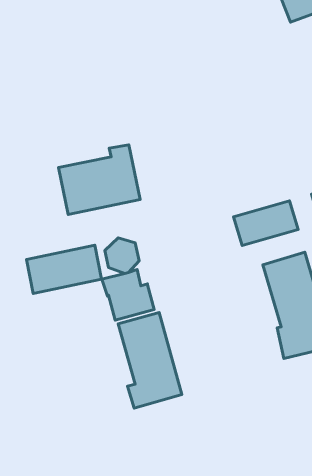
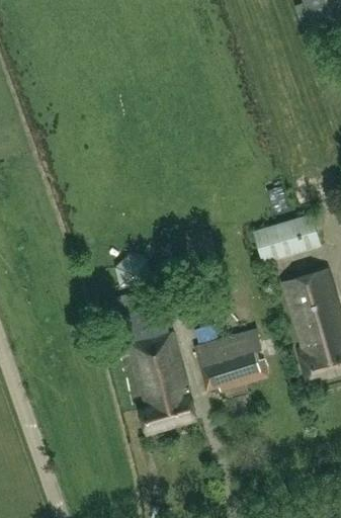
building: [58,145,140,215] -> none
building: [27,245,102,294] -> none
building: none -> [193,323,269,391]

